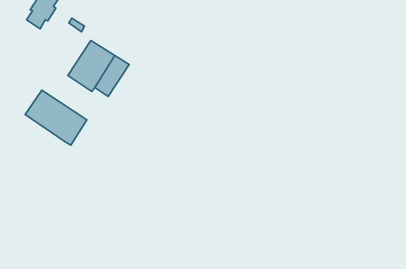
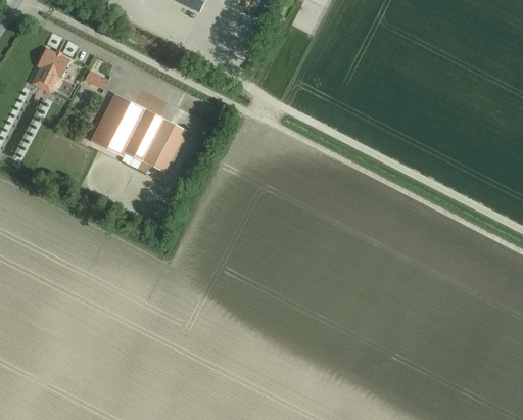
building: none -> [142,120,185,172]
building: [25,90,87,145] -> none

